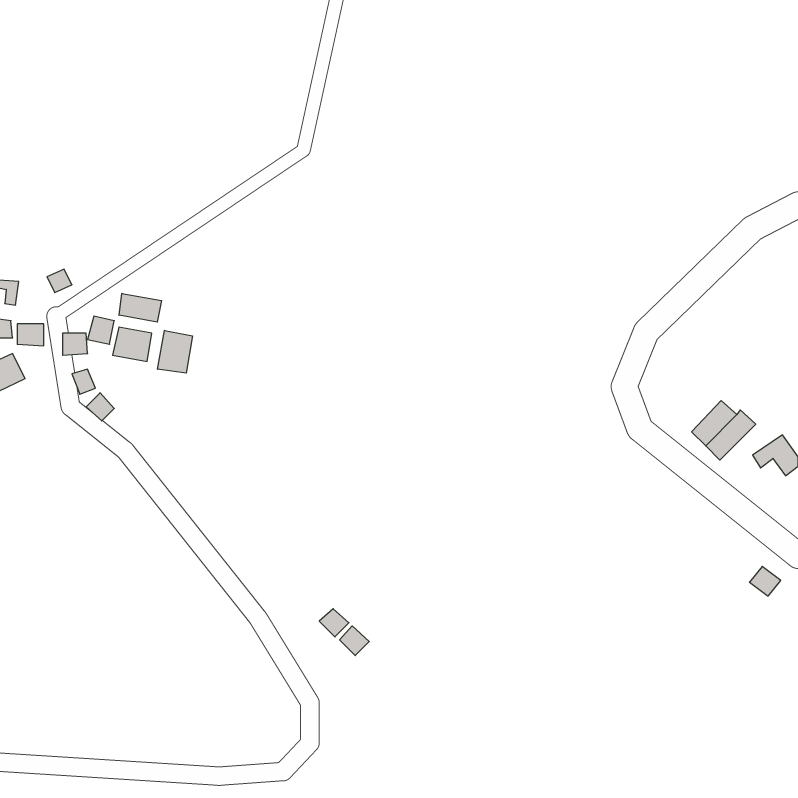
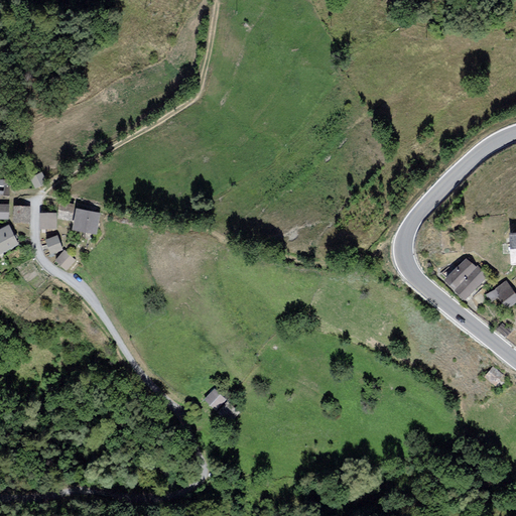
building: [119,293,162,322] -> none
building: [158,330,192,373] -> none

